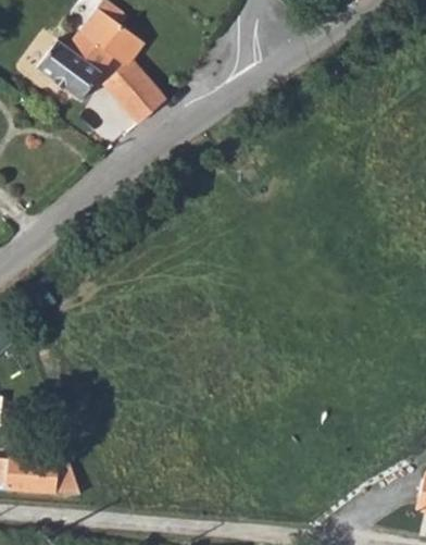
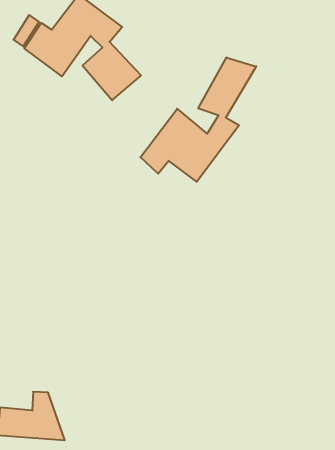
building: none -> [140,57,256,182]

